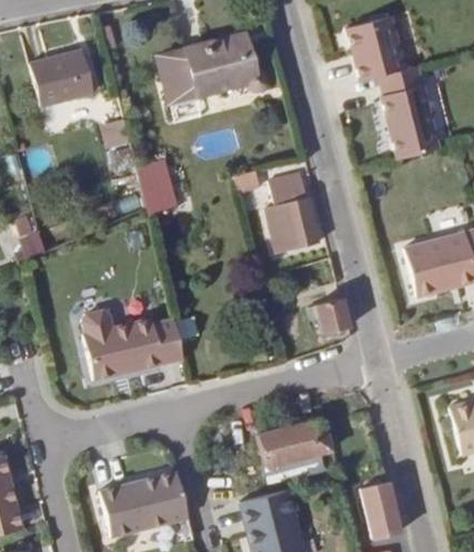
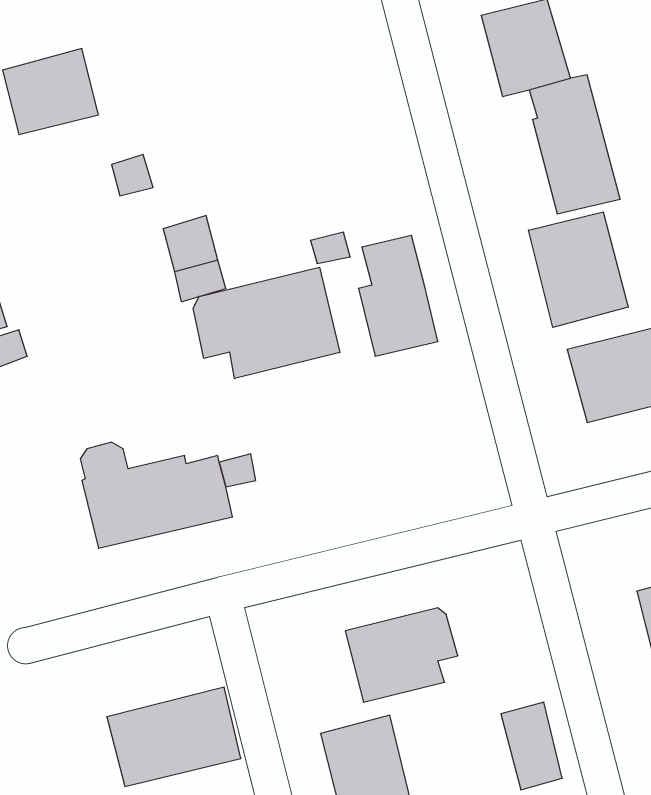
building: [159,33,270,124] -> none
building: none -> [529,212,628,327]
building: none -> [193,267,340,379]
building: [309,298,350,333] -> none

